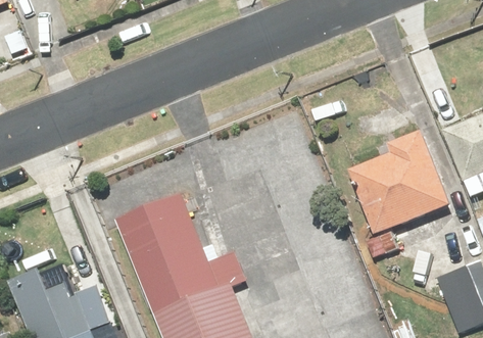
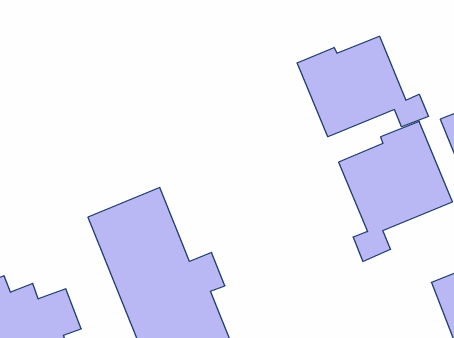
building: none -> [297,36,429,137]

